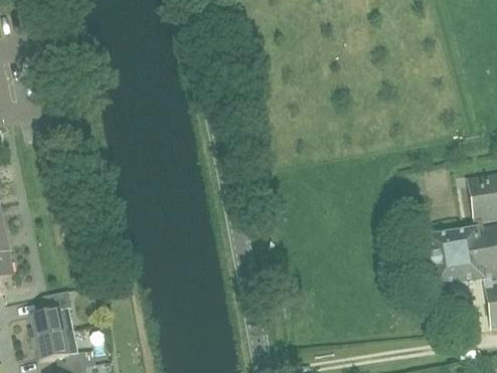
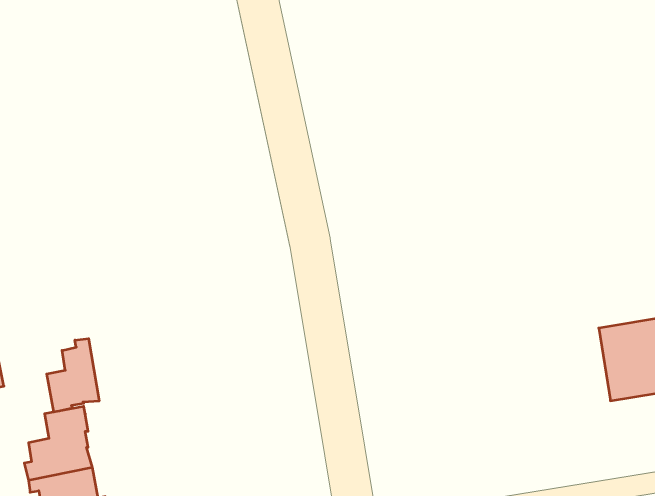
building: none -> [47,339,99,412]

